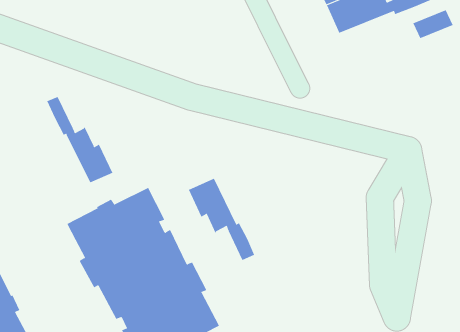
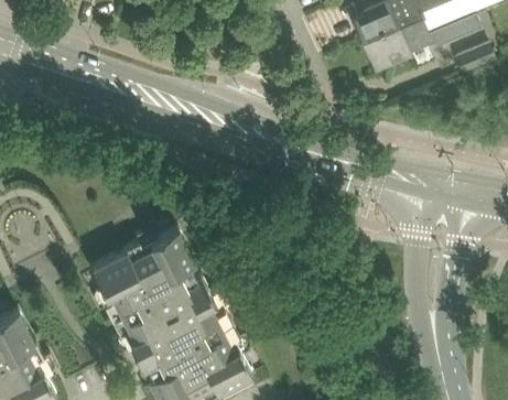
building: [46,96,113,183] -> none
building: [188,178,255,261] -> none

